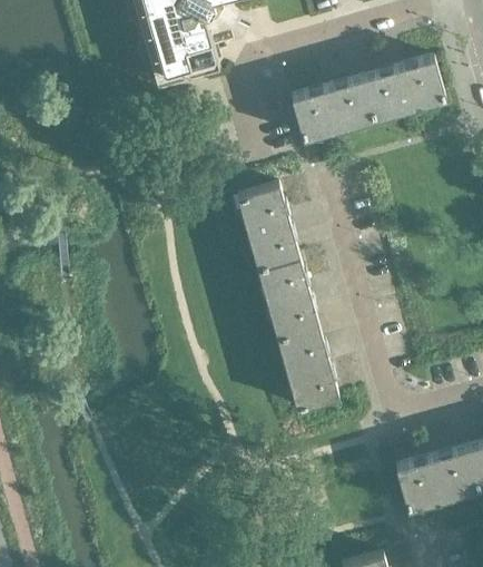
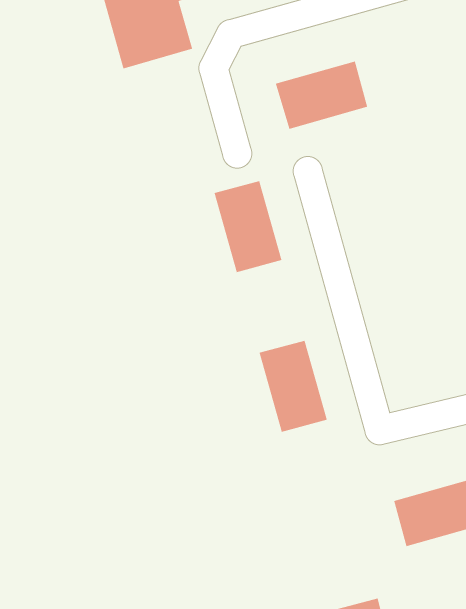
building: [362,56,444,117] -> none
building: [256,253,317,334] -> none

